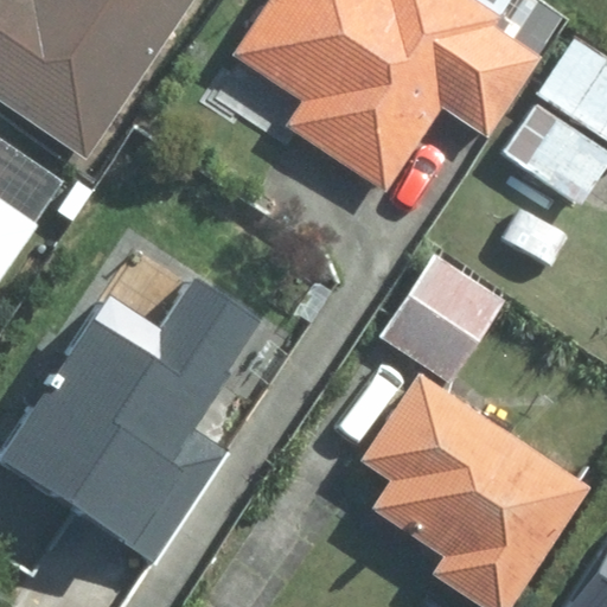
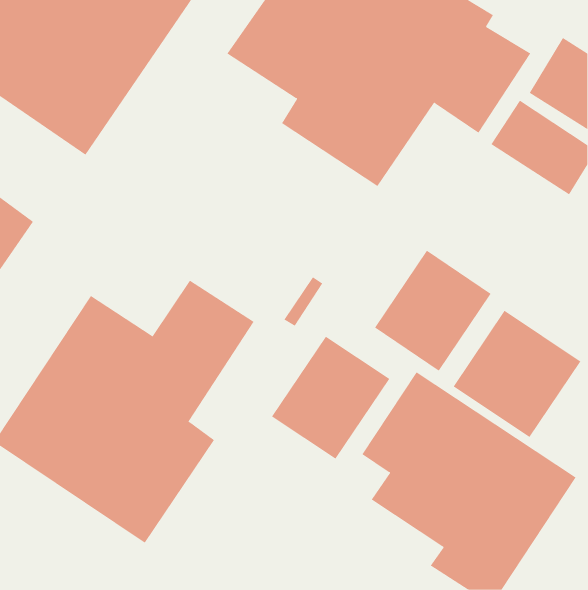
building: none -> [453,310,581,438]
building: none -> [271,336,390,460]

